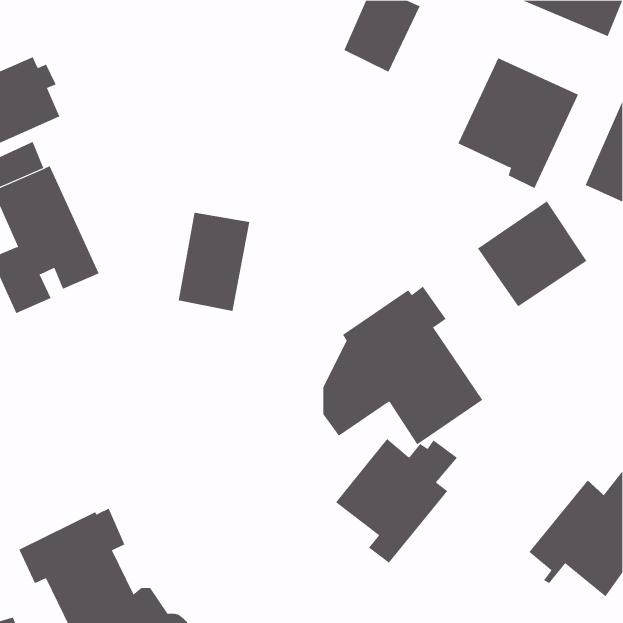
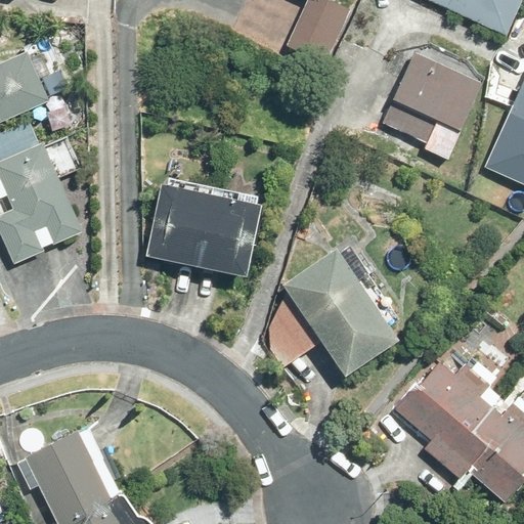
building: [477,200,587,307] -> none
building: none -> [194,187,263,272]
building: [335,438,458,563] -> [396,359,498,464]

